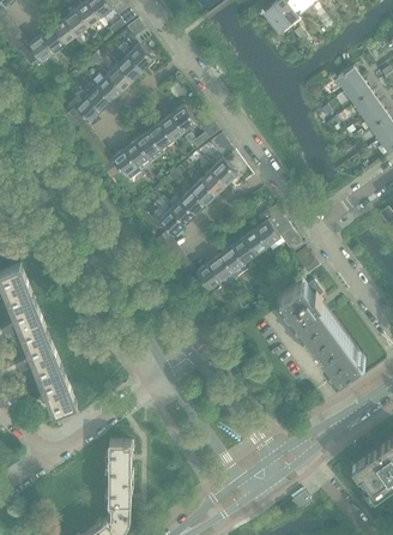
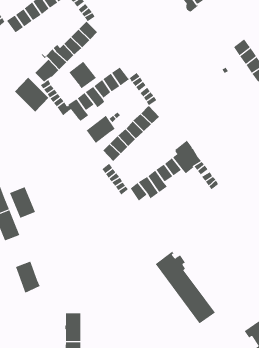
building: none -> [68,61,97,89]
building: none -> [14,77,49,113]
building: none -> [86,115,116,144]
building: [278,277,361,377] -> [155,251,216,324]
building: [25,336,61,379] -> [9,187,36,218]

